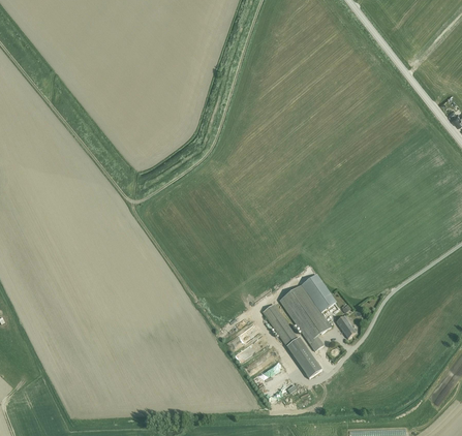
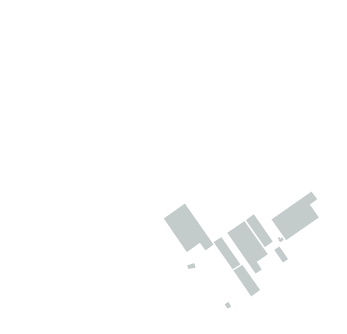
building: none -> [270,191,320,241]
building: none -> [163,203,214,253]

